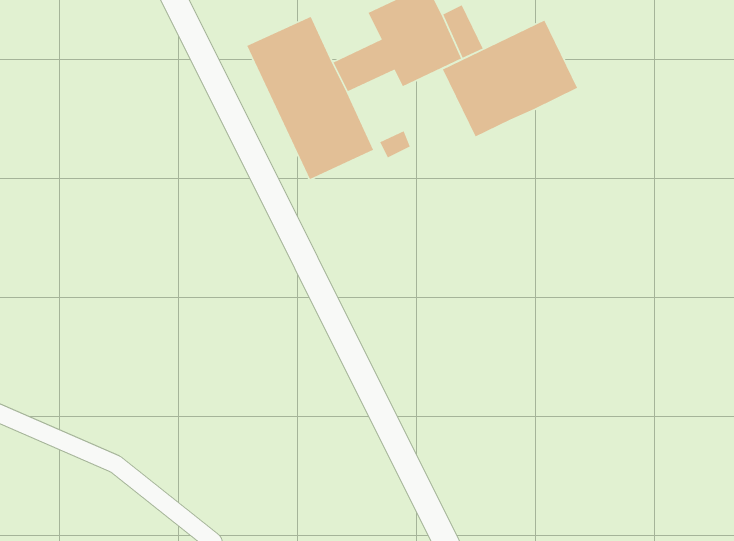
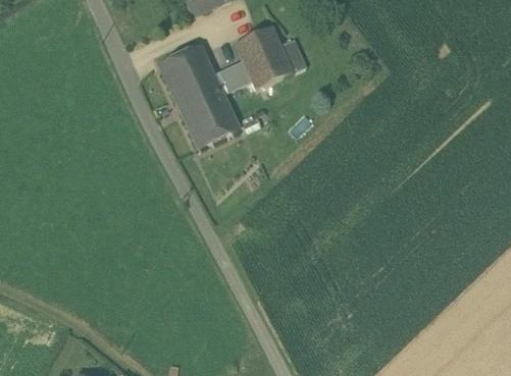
building: [442,20,578,138] -> none

